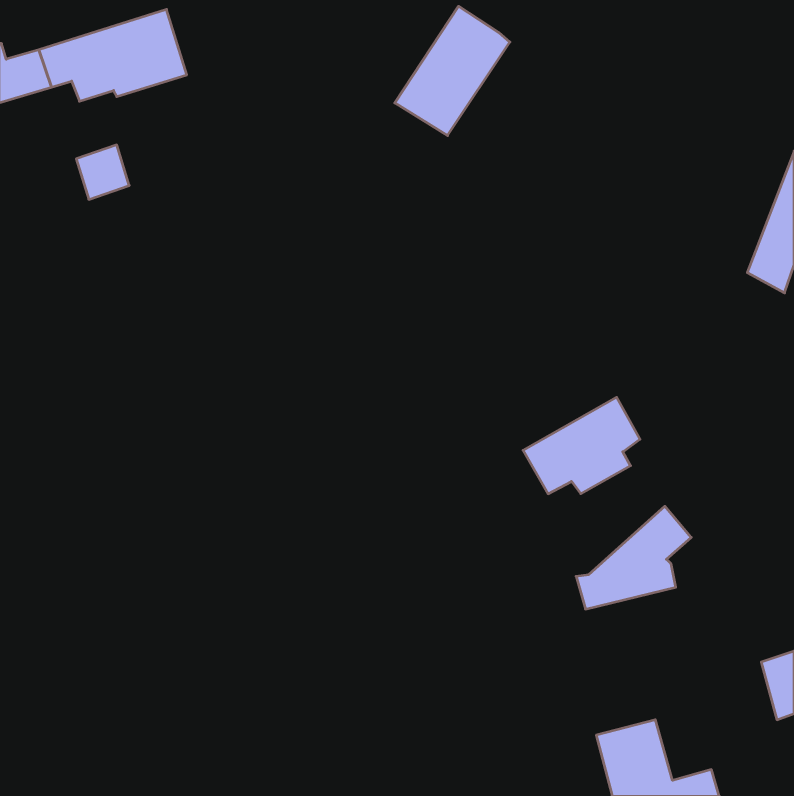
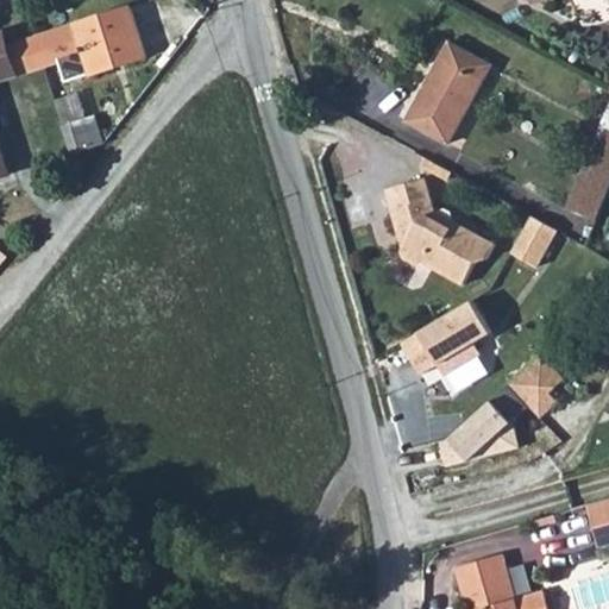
building: [395,6,510,136] -> [413,46,501,145]
building: none -> [379,174,488,282]
building: none -> [509,218,557,270]
building: none -> [508,357,563,420]

